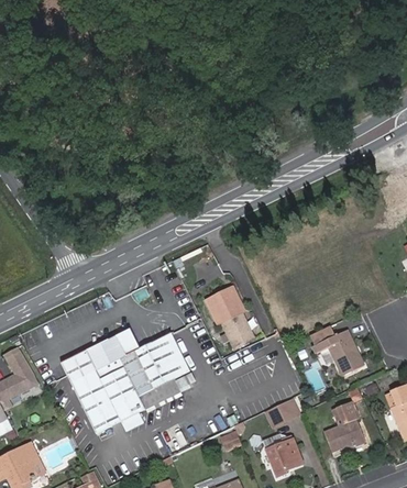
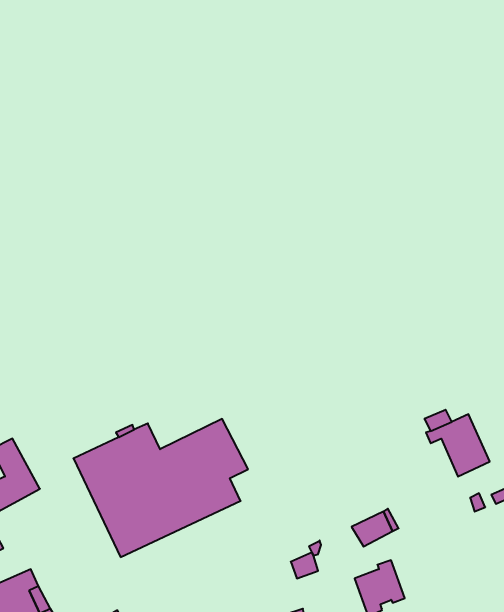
building: [204,284,256,350] -> none
building: [324,401,364,451] -> none

